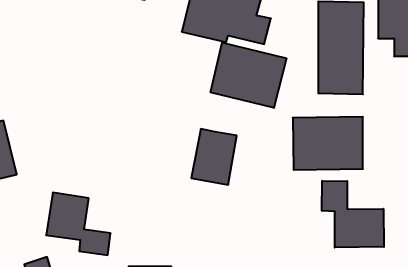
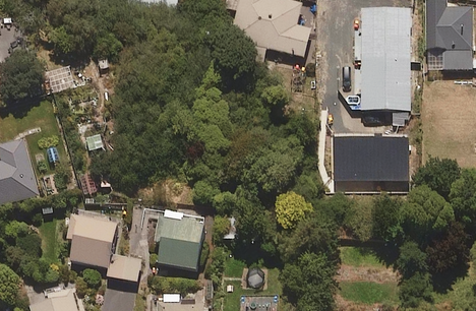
building: [211,42,286,108] -> none
building: [191,129,237,185] -> [156,209,204,269]
building: [322,181,384,248] -> none

